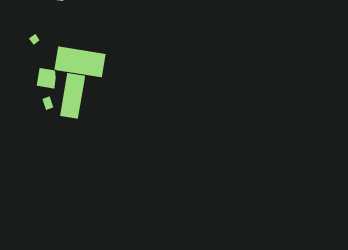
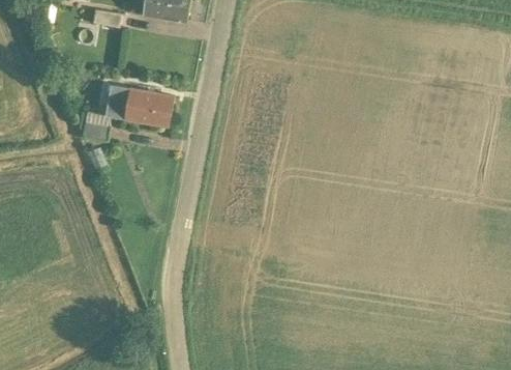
building: [60,72,85,120] -> none

